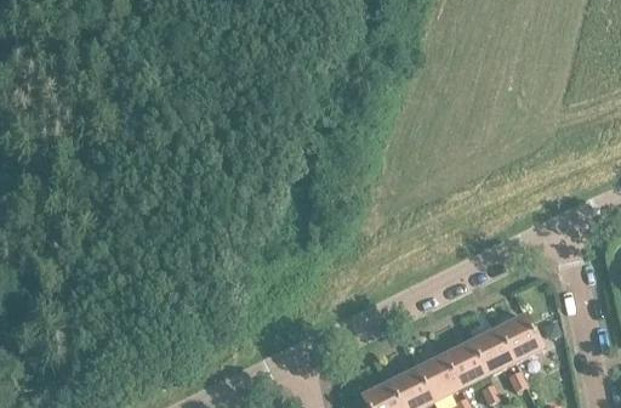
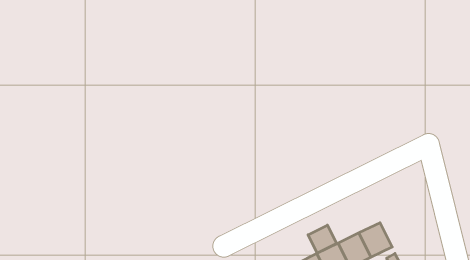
building: [496,316,539,361] -> none
building: none -> [308,225,337,253]

